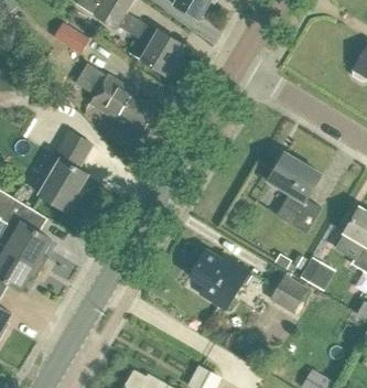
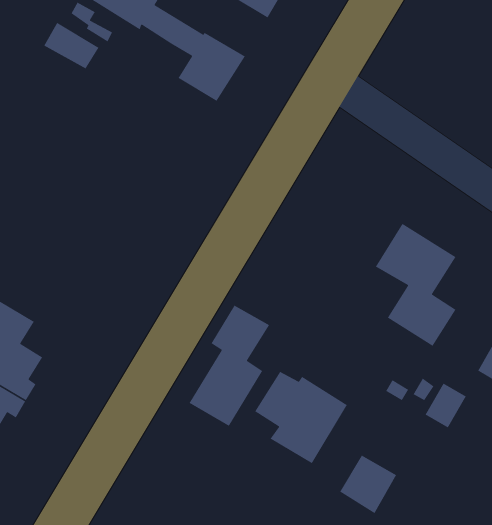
building: [75,63,155,130] -> none
building: [40,131,93,211] -> [188,304,270,427]
building: [270,274,307,313] -> [339,455,397,514]

